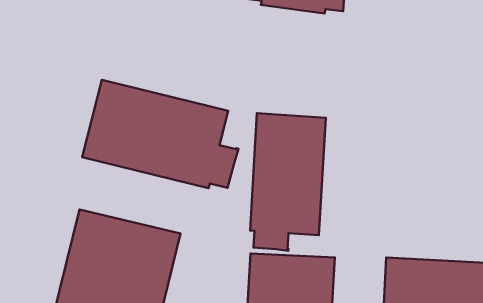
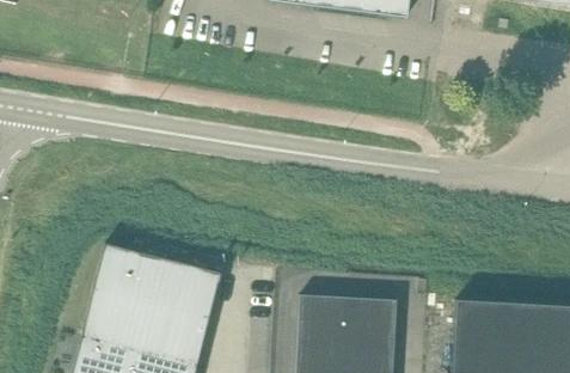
building: [82,80,239,188] -> none
building: [250,113,326,251] -> none

